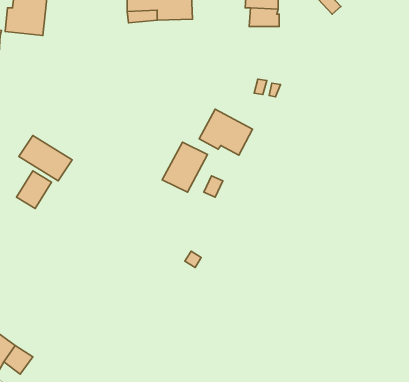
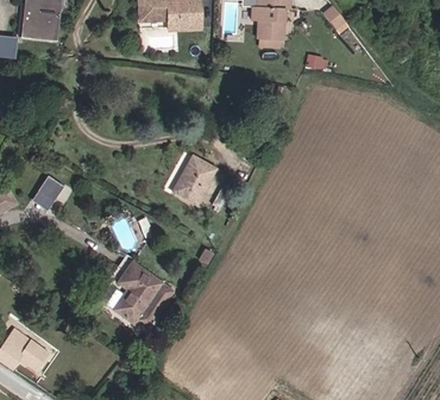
building: [199,109,253,155] -> none
building: [19,135,72,181] -> none
building: none -> [114,261,172,324]

